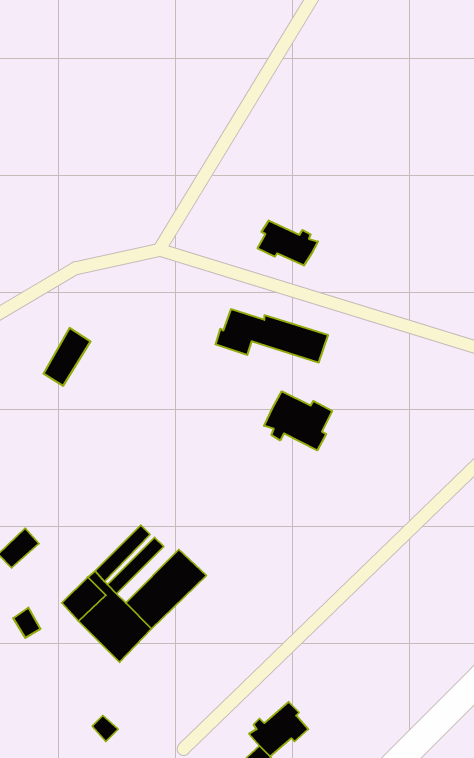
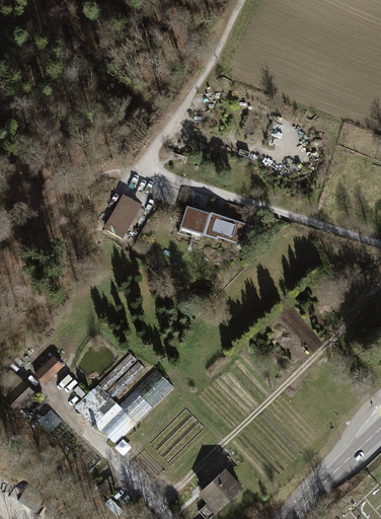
building: [258,220,318,266] -> none
building: [43,328,91,386] -> [109,198,141,236]
building: [264,391,332,450] -> none

